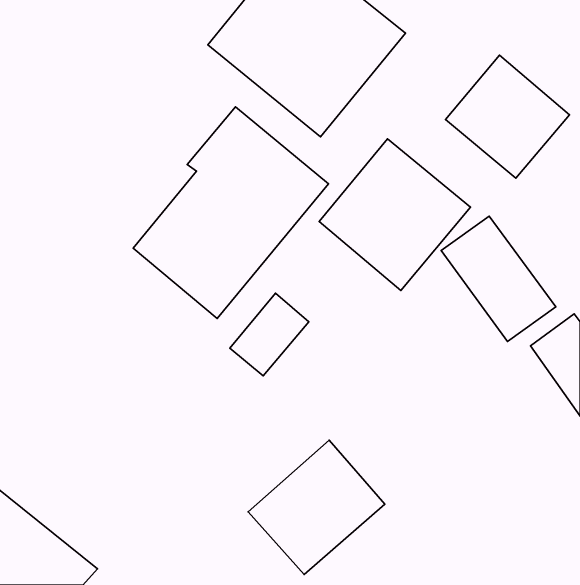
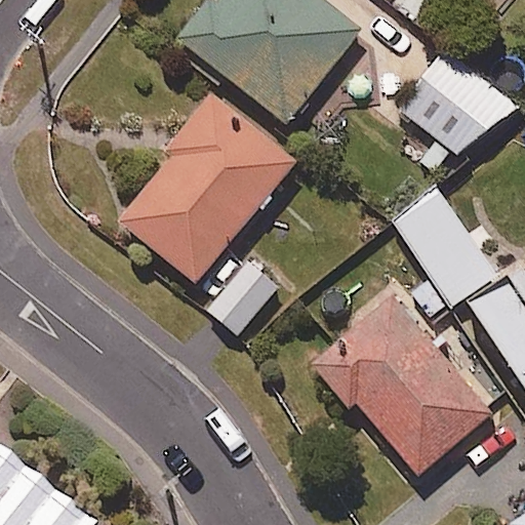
building: [319,139,470,290] -> none
building: none -> [312,296,491,475]
building: [248,440,385,574] -> none

